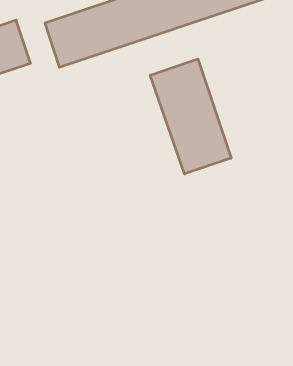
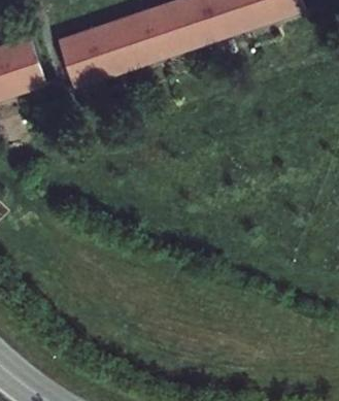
building: [150,59,231,174] -> none

